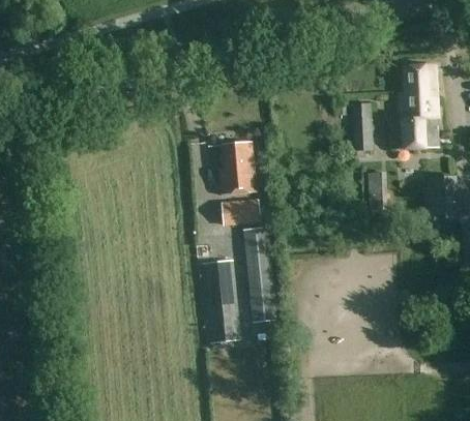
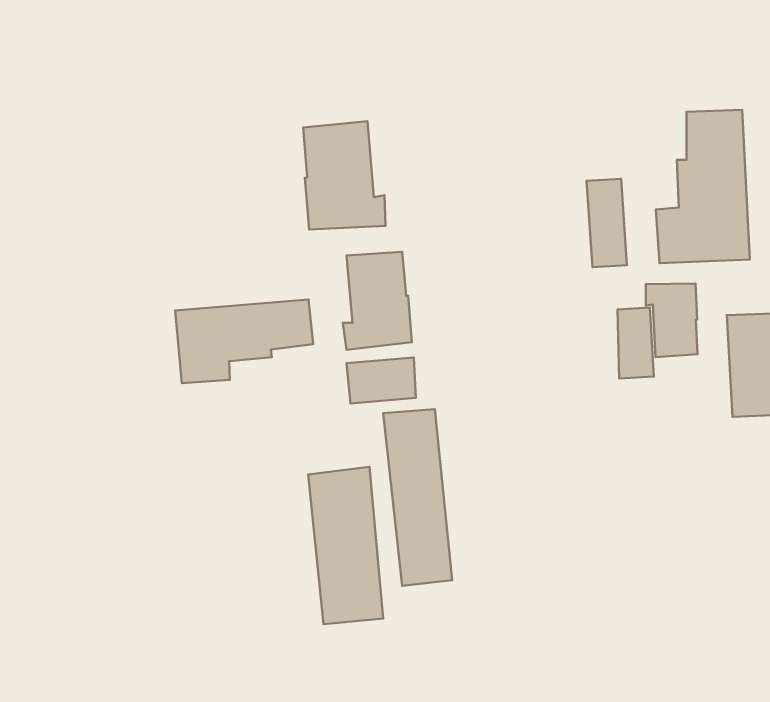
building: none -> [303,121,385,230]
building: none -> [646,283,697,357]
building: none -> [175,300,313,383]

